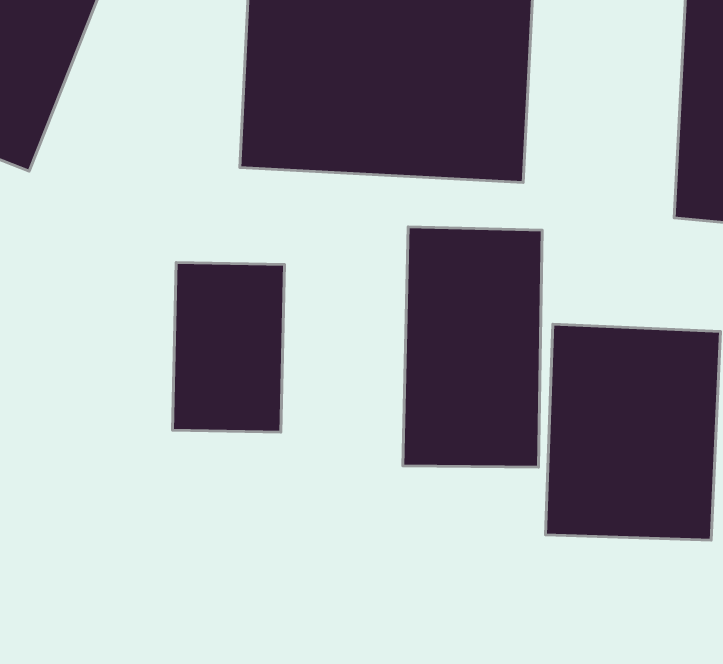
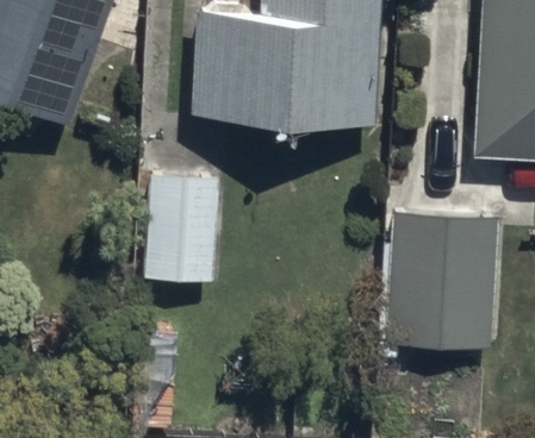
building: [403,227,542,467] -> none

